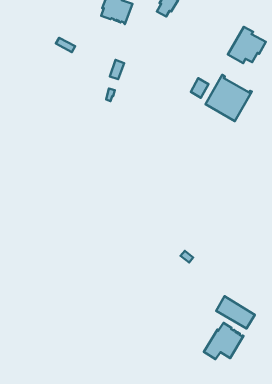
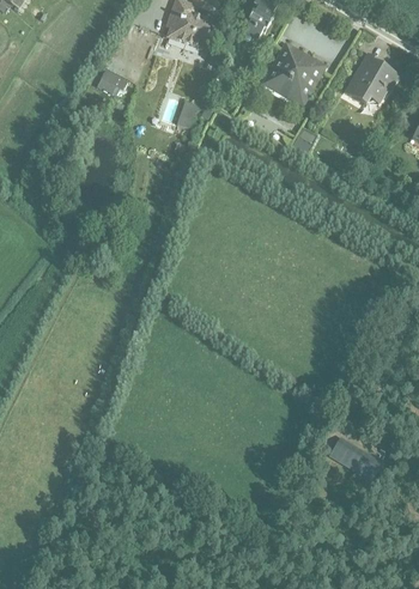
building: [205,75,252,121] -> [260,41,326,107]
building: [204,323,244,359] -> none

